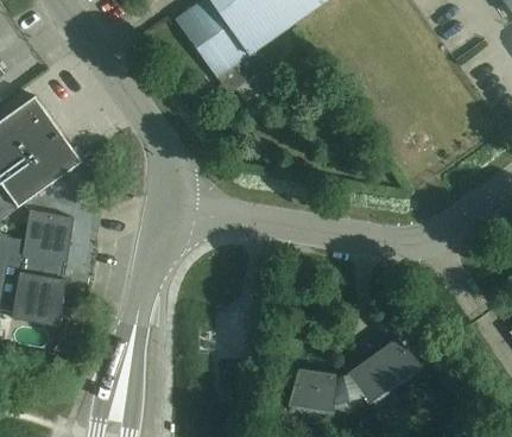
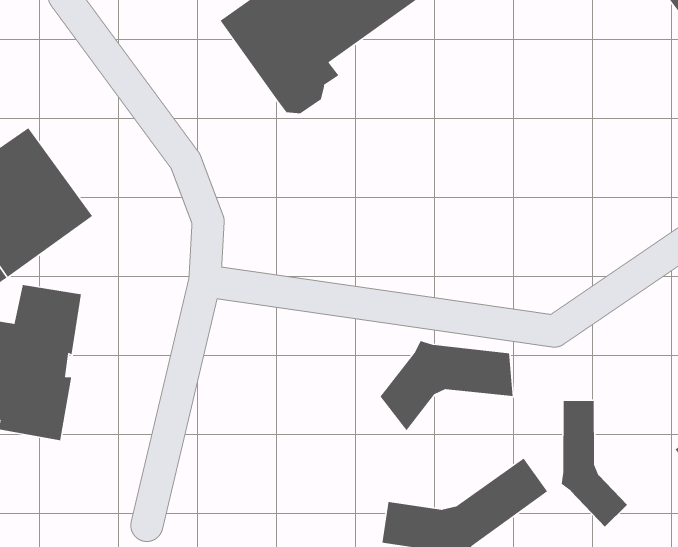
building: none -> [380,340,514,431]
building: none -> [561,400,628,527]

